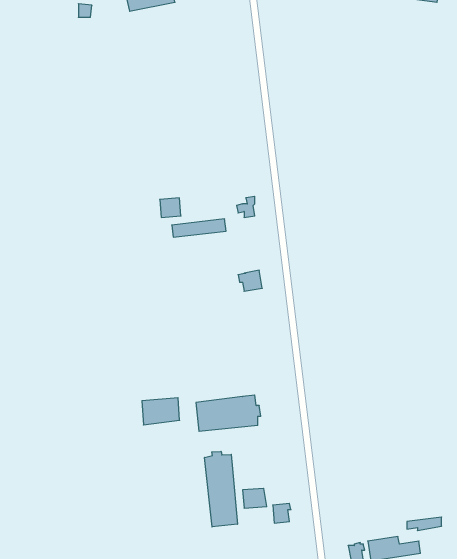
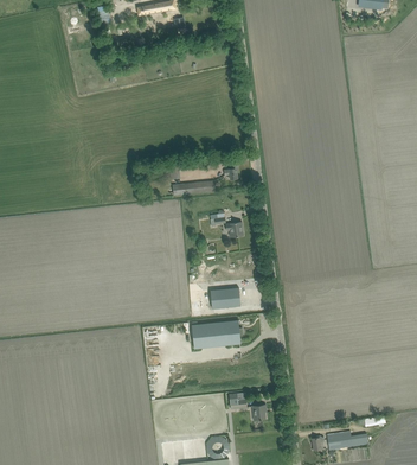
building: [142,398,180,425] -> [211,287,240,308]
building: [205,451,237,527] -> none

